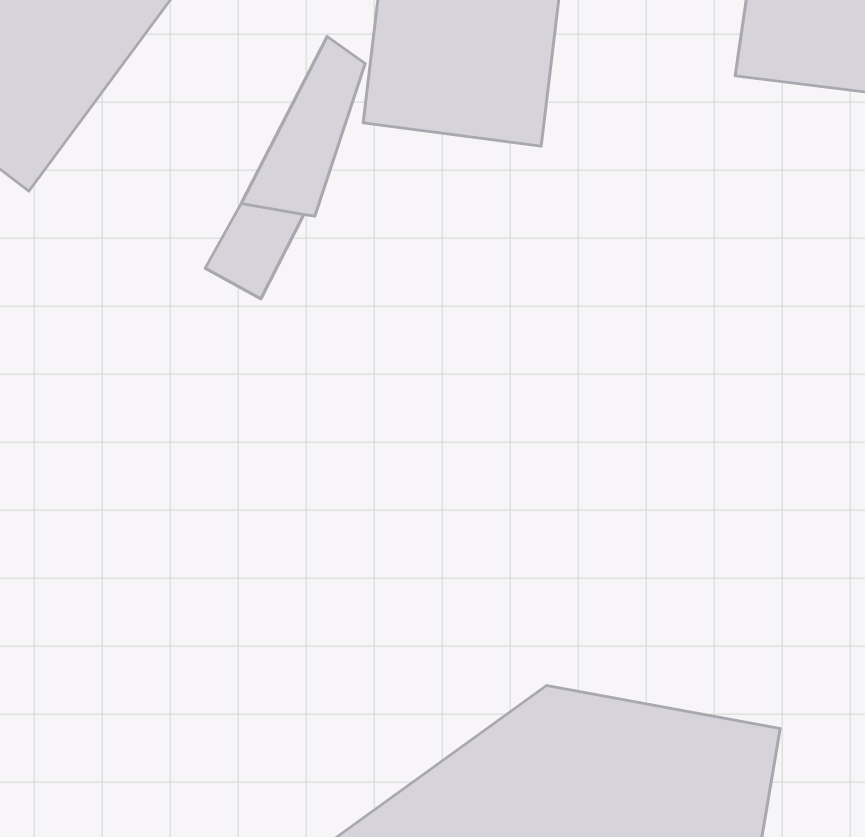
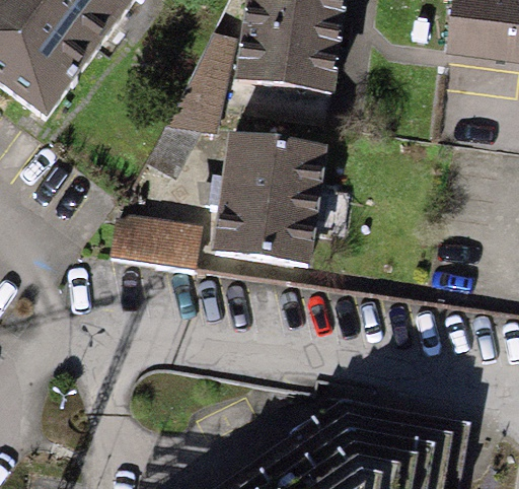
building: none -> [207,131,326,265]
building: none -> [109,217,201,269]

